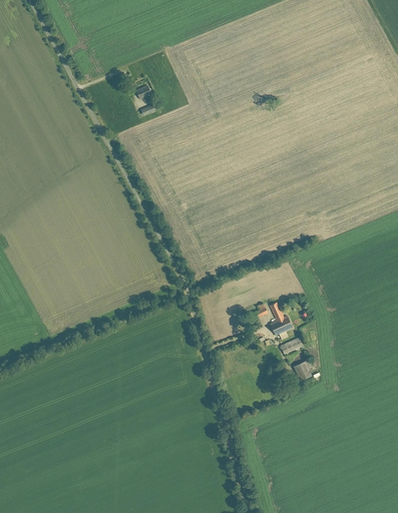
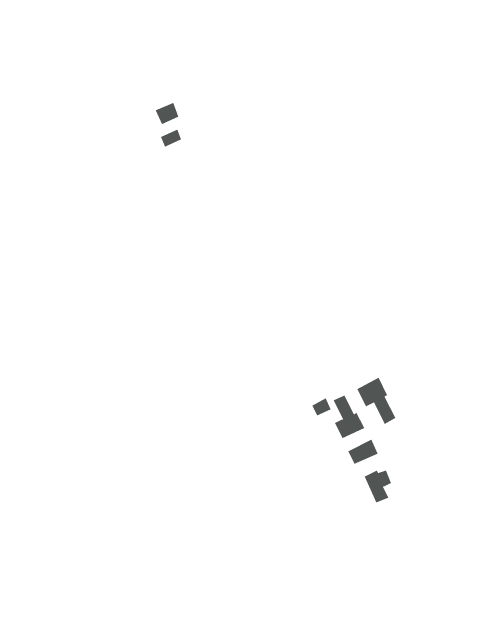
building: none -> [357,377,396,425]

